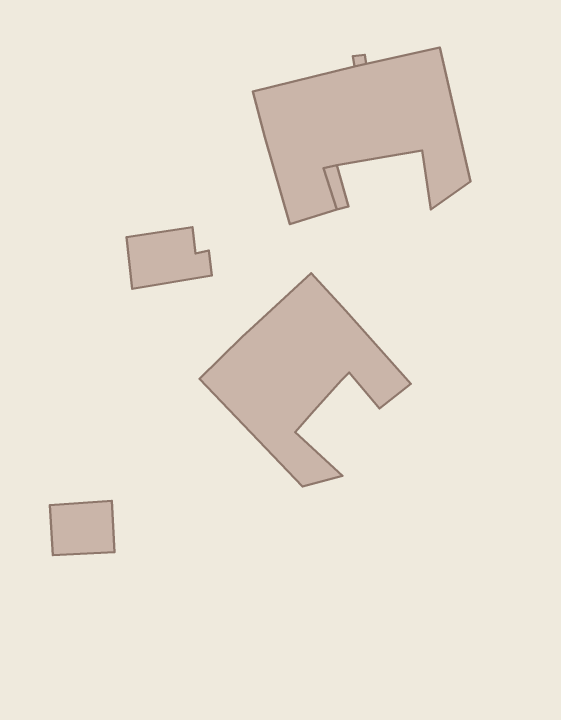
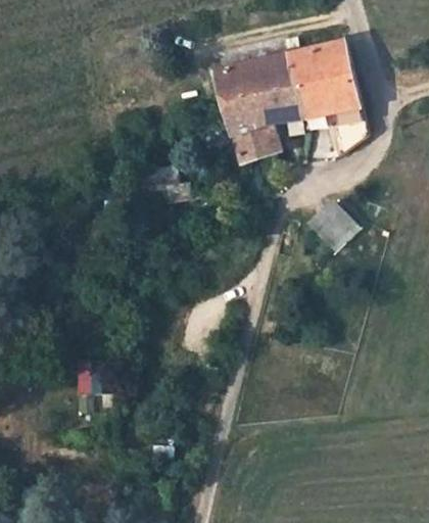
building: [199,273,411,487] -> none
building: none -> [309,200,355,248]

